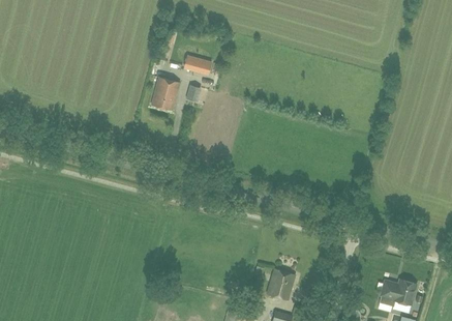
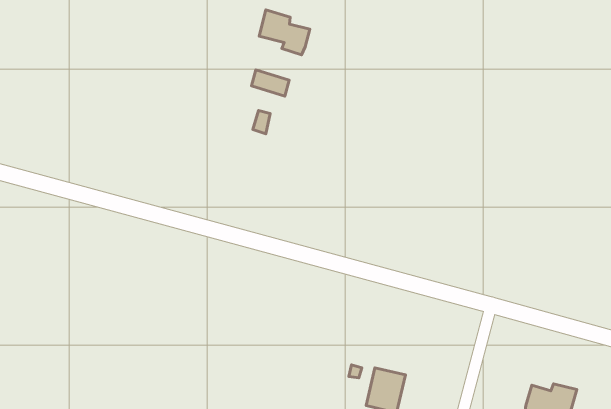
building: none -> [259,10,310,55]
building: [151,76,180,110] -> none

